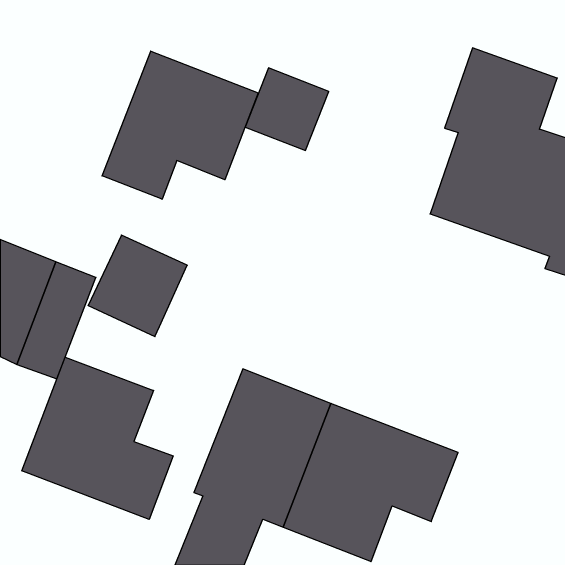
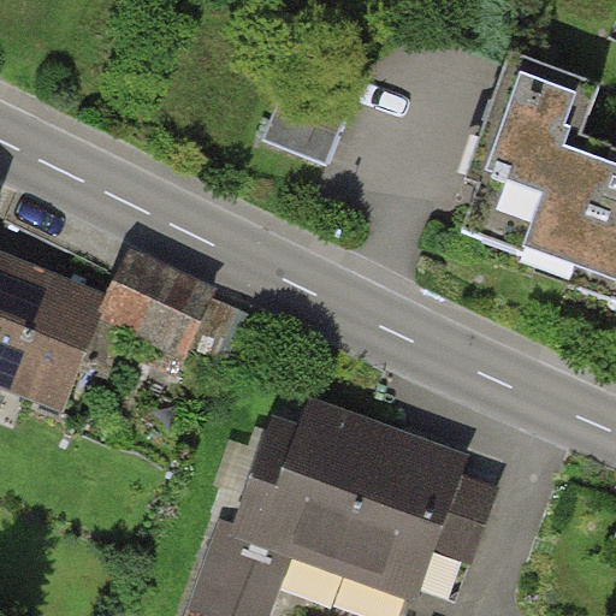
building: [102,51,258,199] -> none
building: [22,357,173,519] -> none

